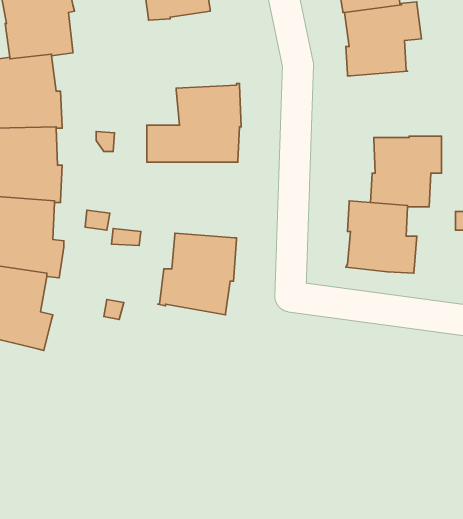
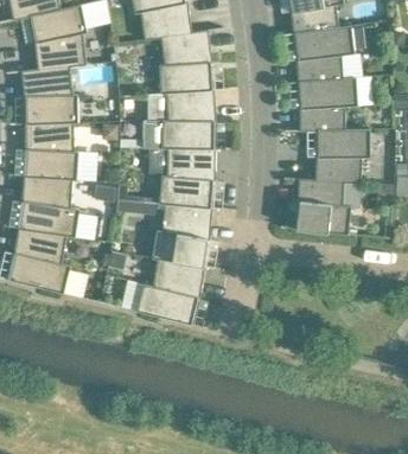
building: none -> [158,28,212,92]
building: none -> [299,77,357,130]
building: none -> [148,147,215,206]
building: none -> [135,257,204,324]

